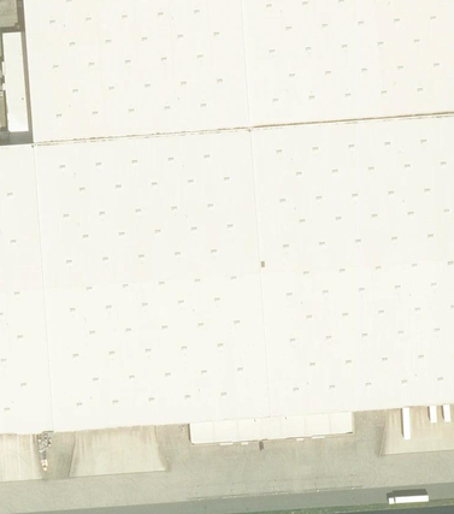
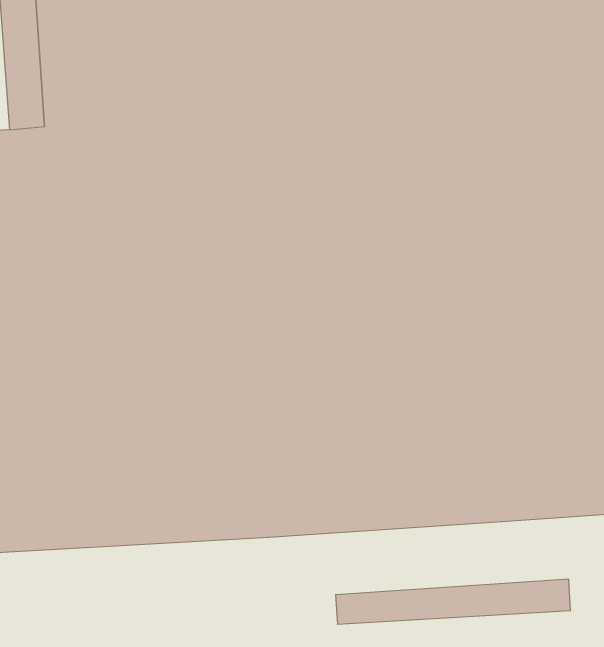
building: [187,413,349,444] -> [336,579,571,624]

